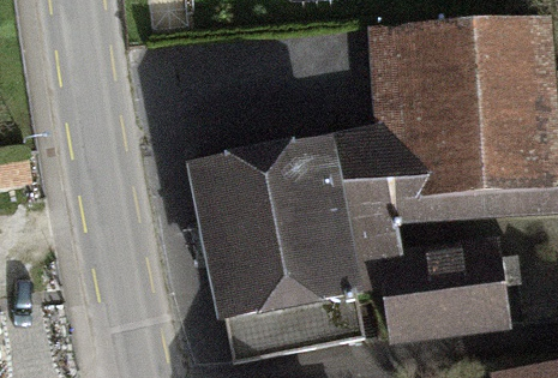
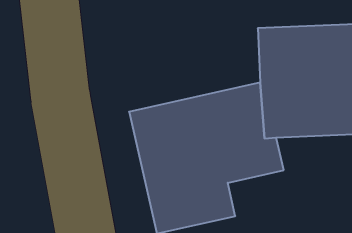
building: [389,244,508,330] -> none

